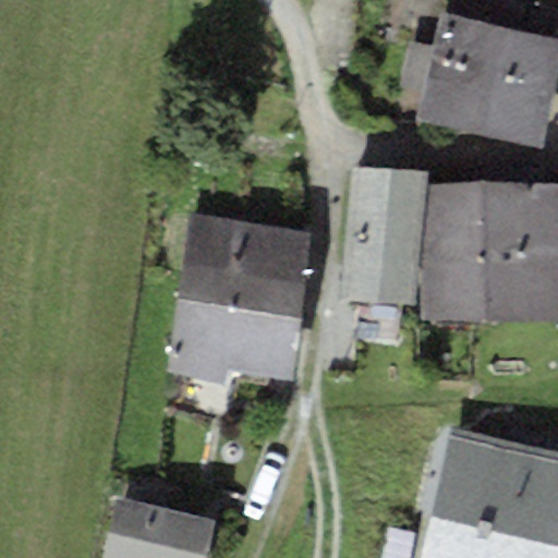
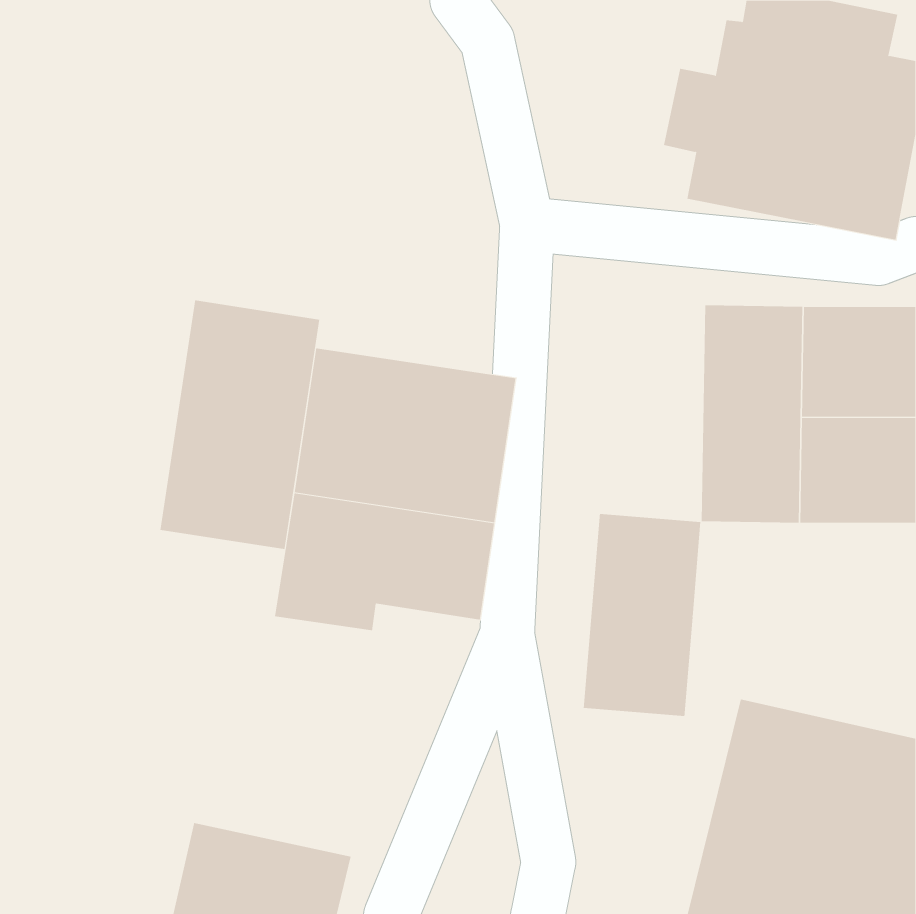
building: [348,168,428,306] -> none
building: none -> [160,300,320,550]
building: none -> [583,513,701,717]

